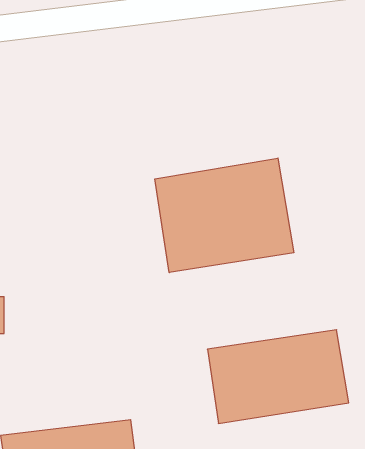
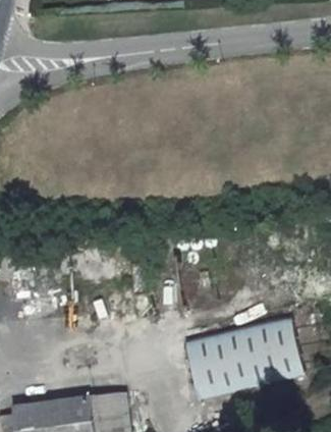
building: [155,158,294,273] -> none

